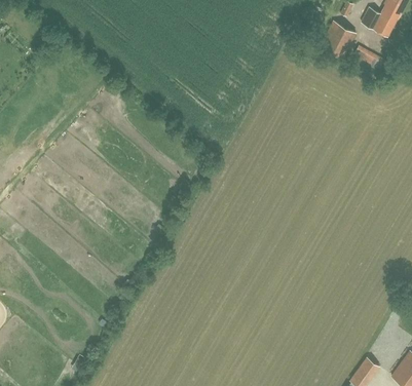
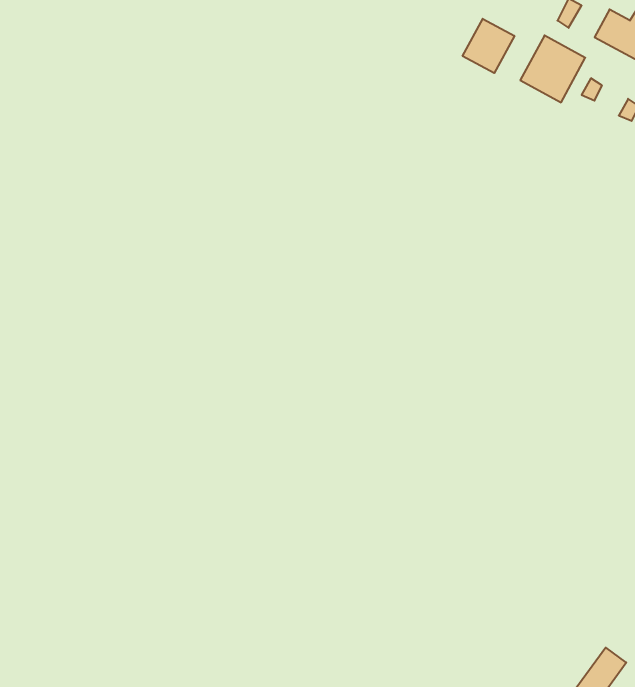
building: none -> [463,19,514,73]

